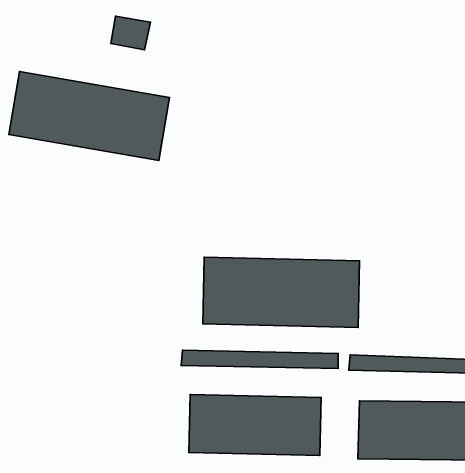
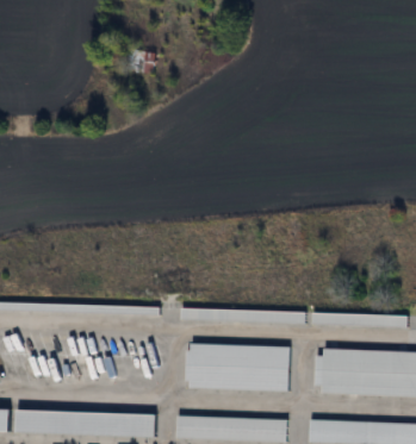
building: [9,71,169,161] -> none
building: [203,257,359,328] -> none

